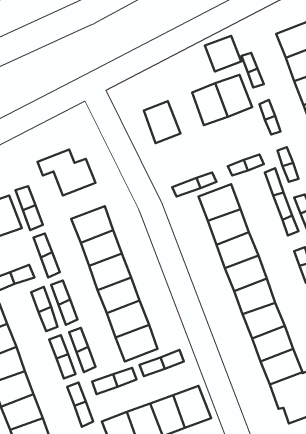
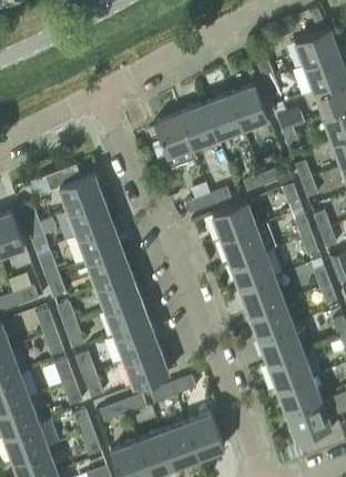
building: [205,36,241,72] -> none
building: none -> [180,104,217,148]
building: none -> [69,200,113,237]

